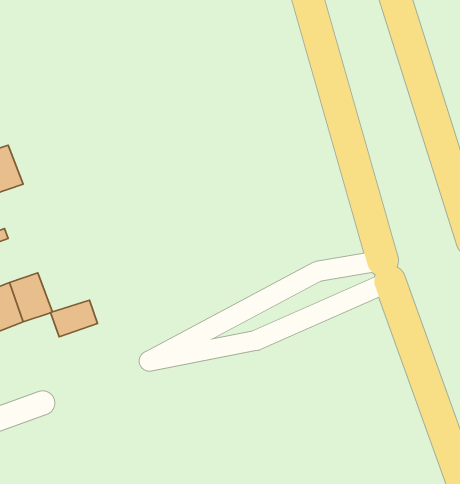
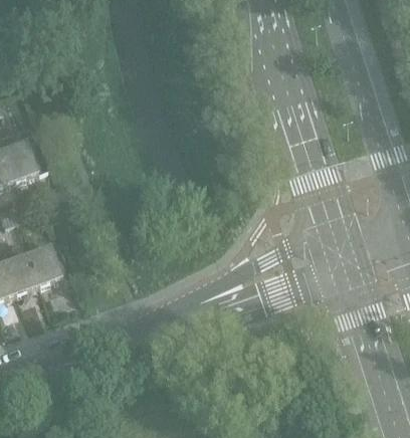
building: [51,300,97,337] -> none

